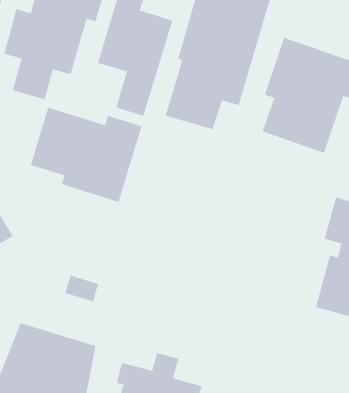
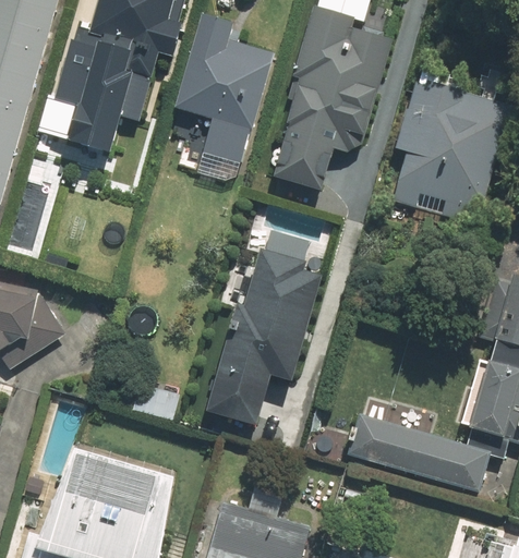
building: [30,107,142,203] -> none
building: none -> [208,246,323,424]
building: none -> [342,411,487,490]

